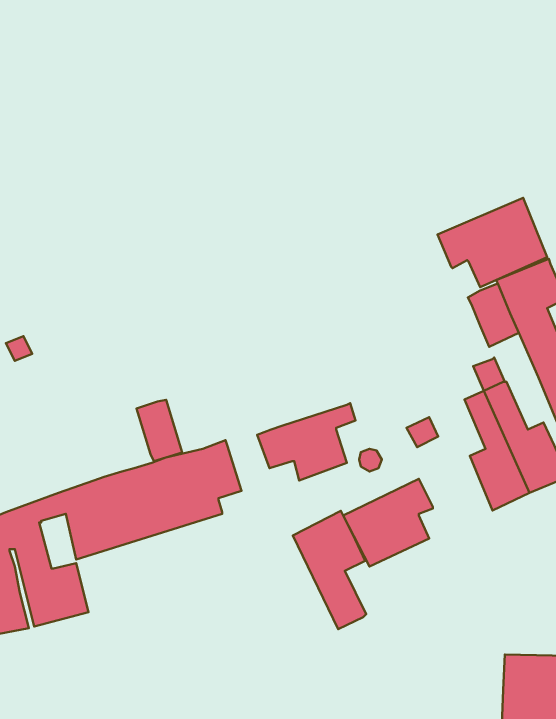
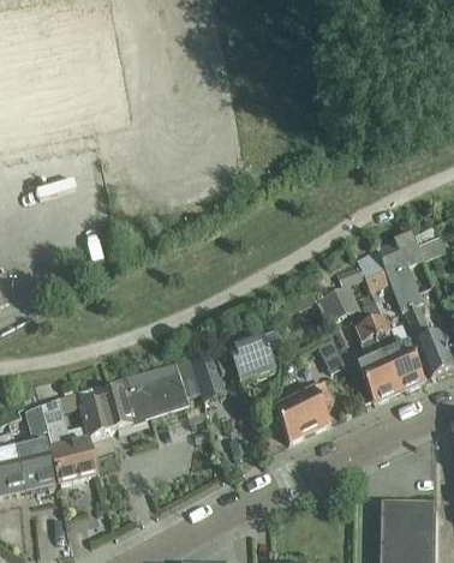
building: [438,198,547,287] -> none
building: none -> [322,285,358,318]
building: [136,400,182,461] -> [192,352,223,394]
building: [293,511,366,629] -> none

